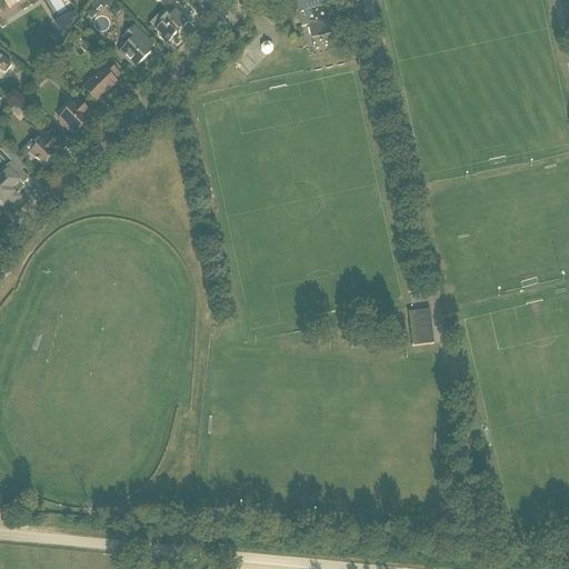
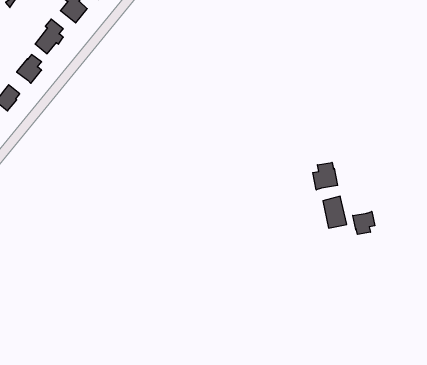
building: none -> [313,162,338,190]
building: none -> [353,211,375,234]

